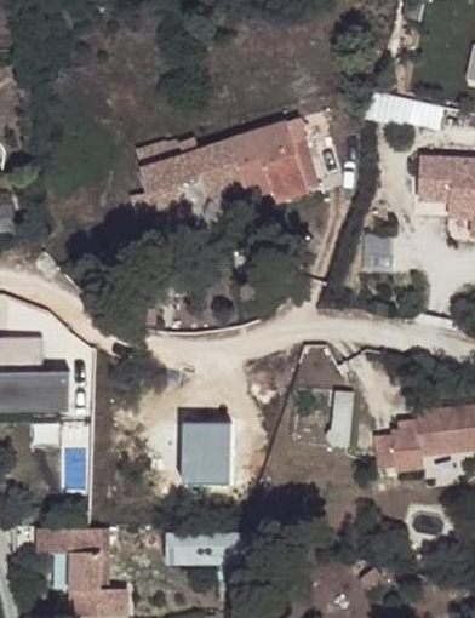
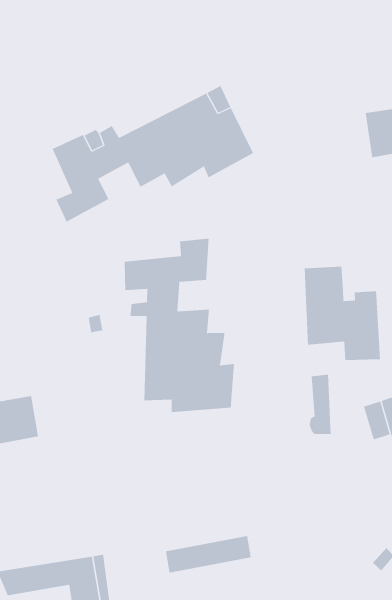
building: none -> [124,238,234,413]
building: none -> [304,266,380,361]
building: [179,429,228,488] -> none

